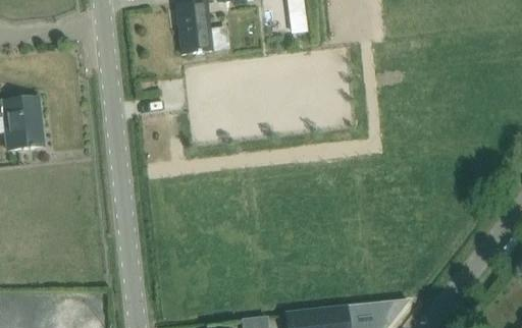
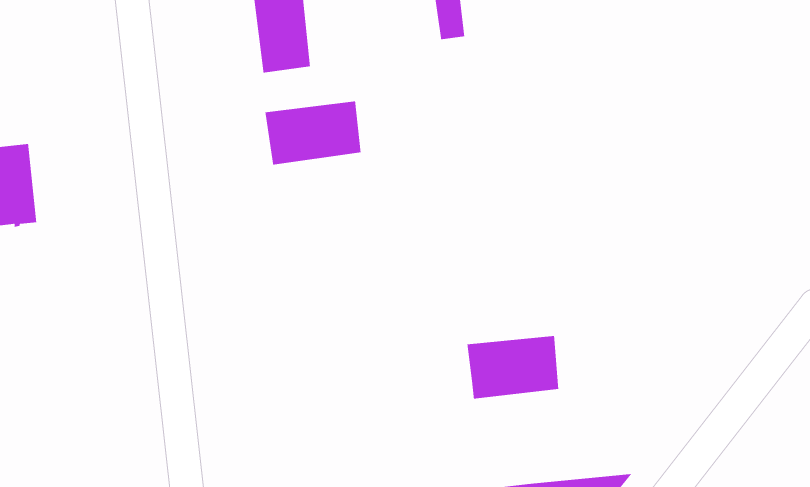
building: none -> [264,101,362,166]
building: none -> [467,335,559,400]

